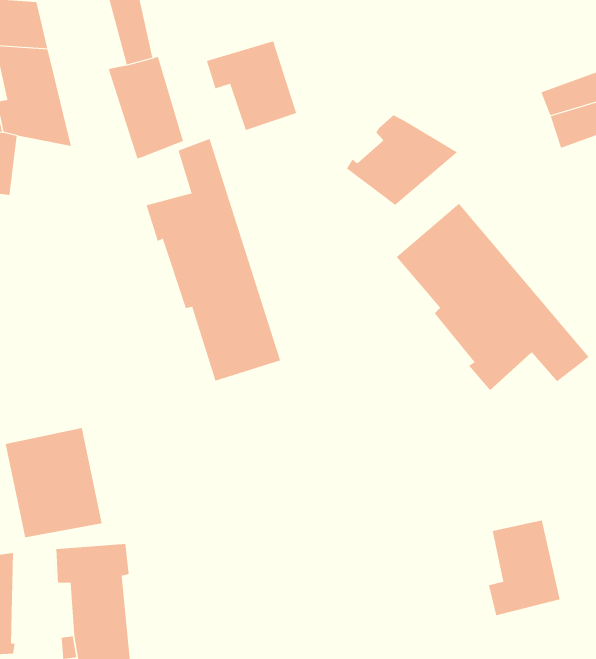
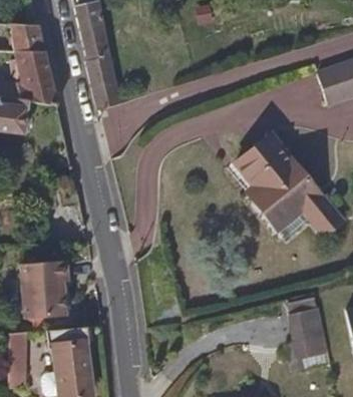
building: [206,41,297,131] -> none
building: [346,114,458,206] -> none
building: [146,138,281,381] -> none

